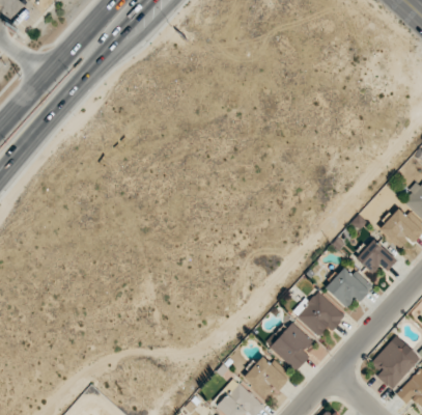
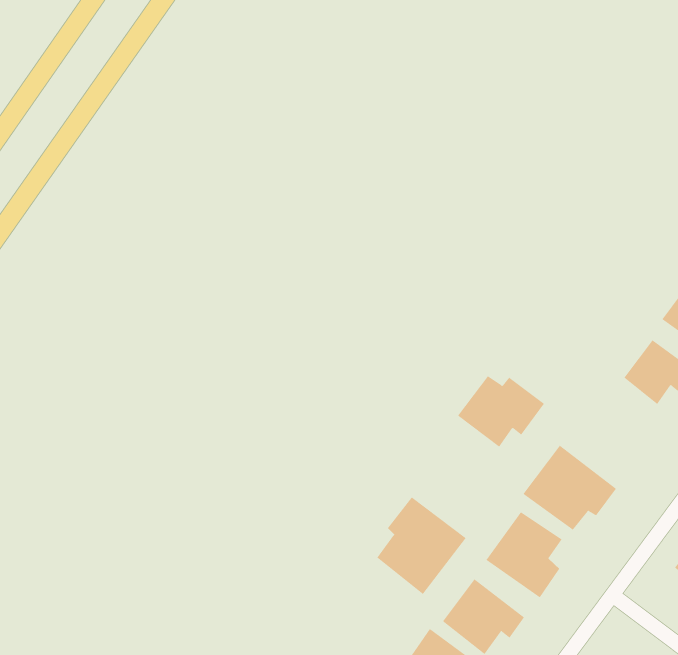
building: [326,268,373,307] -> [457,375,545,448]
building: none -> [377,497,466,595]

